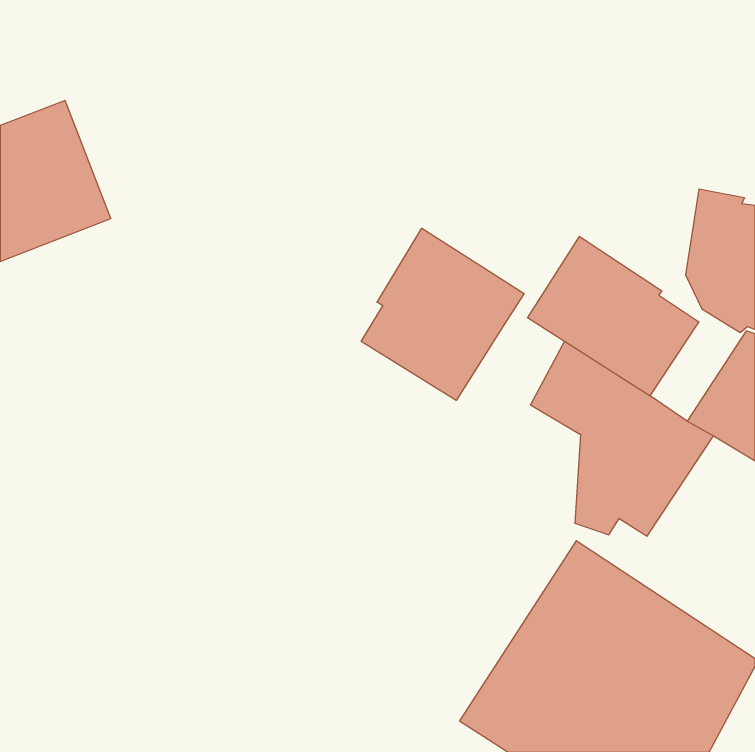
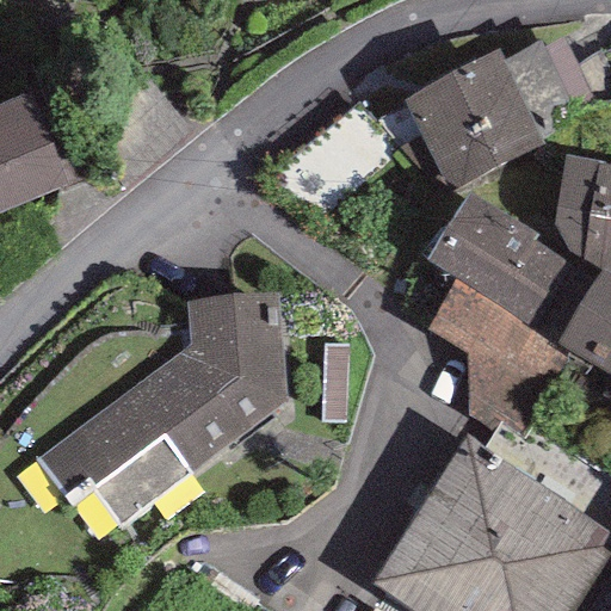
building: none -> [403,42,568,187]
building: [361,228,524,400] -> none
building: none -> [44,301,270,543]

